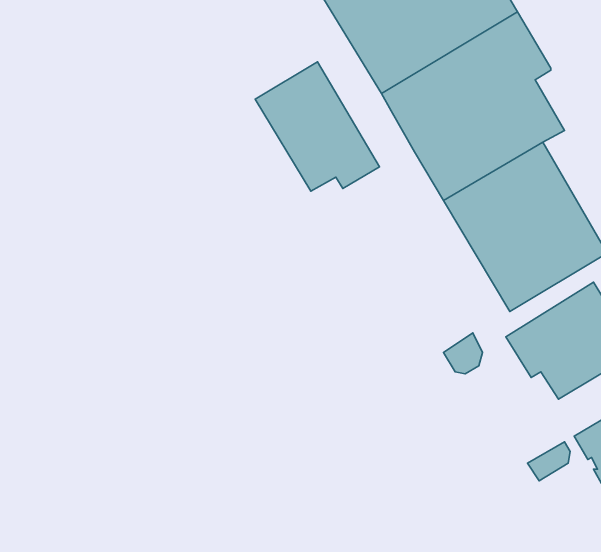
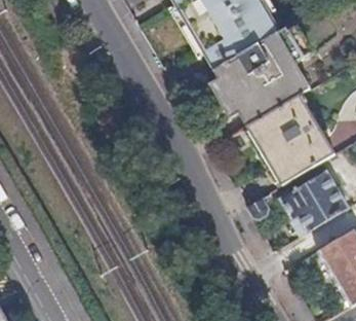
building: [255,62,380,191] -> none

